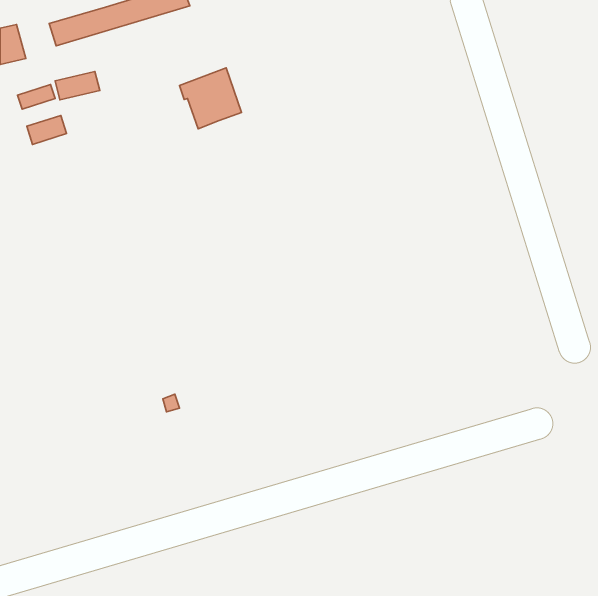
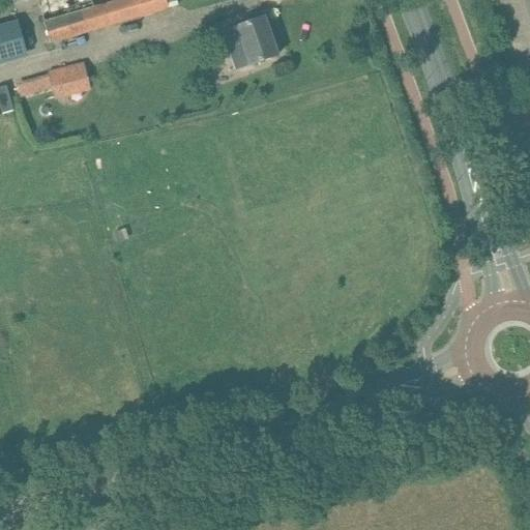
building: [179,68,241,129] -> [223,14,277,68]
building: [27,115,66,144] -> none

